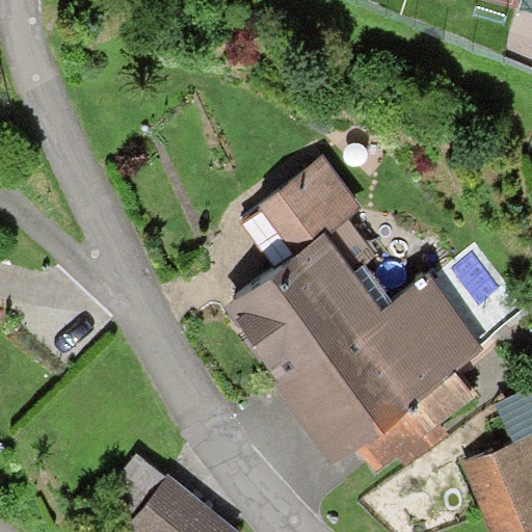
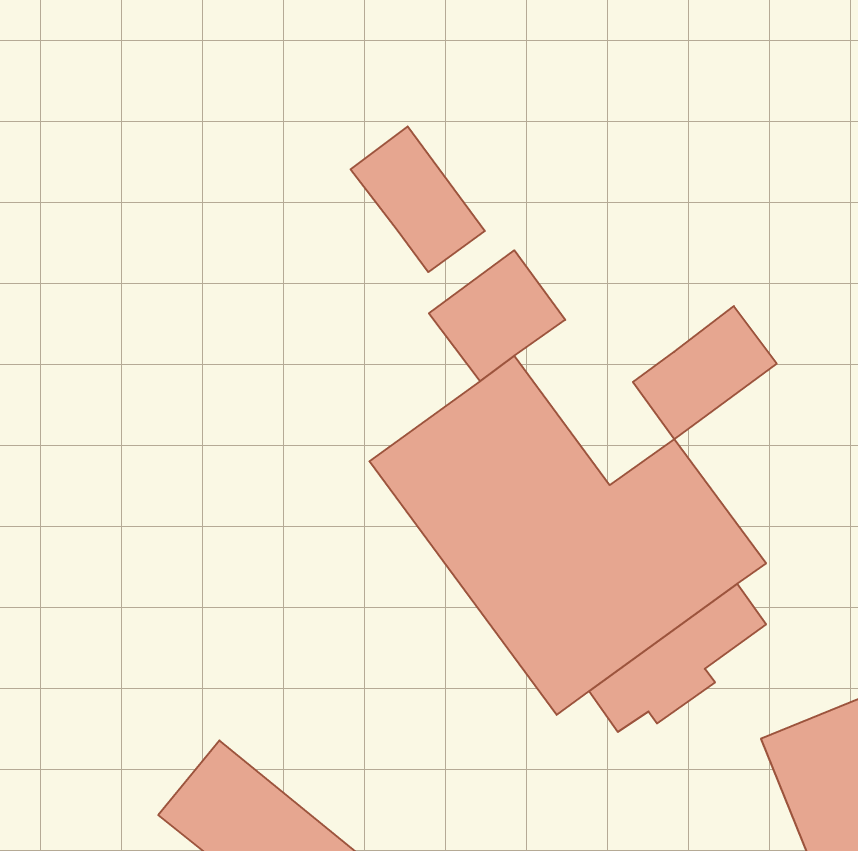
building: none -> [351,126,485,272]
building: none -> [633,306,777,439]

